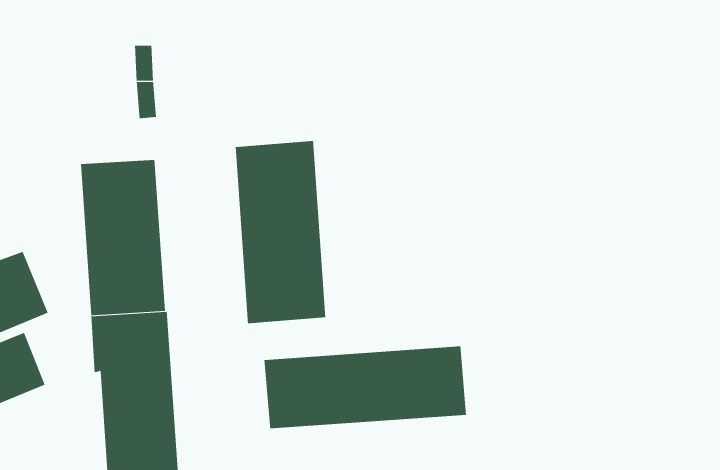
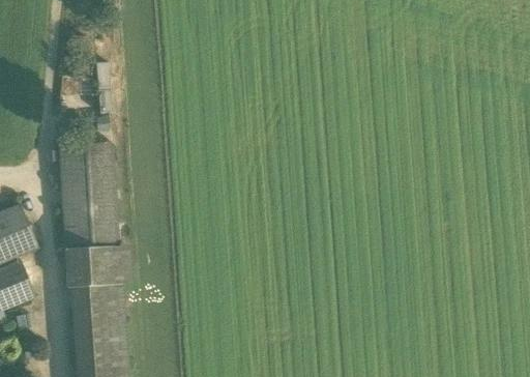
building: [235,140,326,324] -> none
building: [264,346,466,429] -> none

